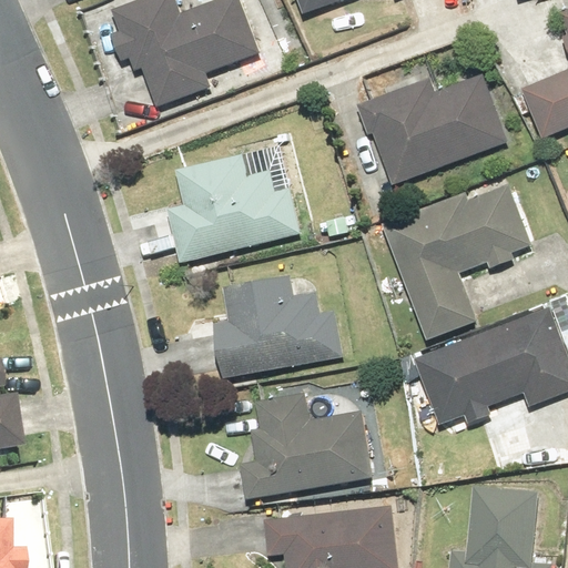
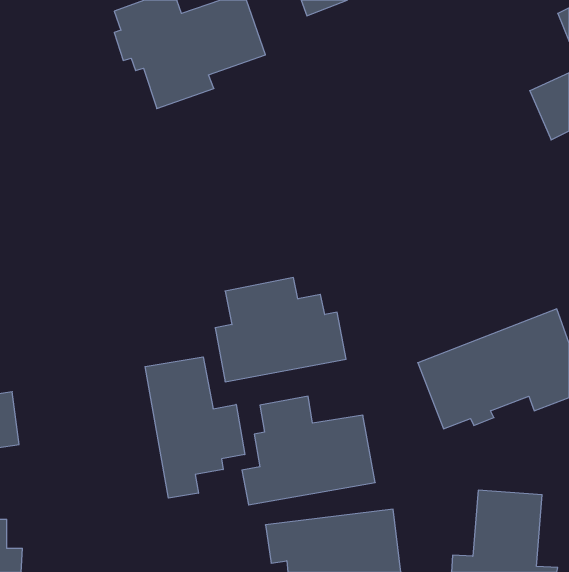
building: [357,73,509,183] -> none
building: [166,153,301,264] -> none
building: [383,183,532,342] -> none
building: none -> [145,357,245,498]

